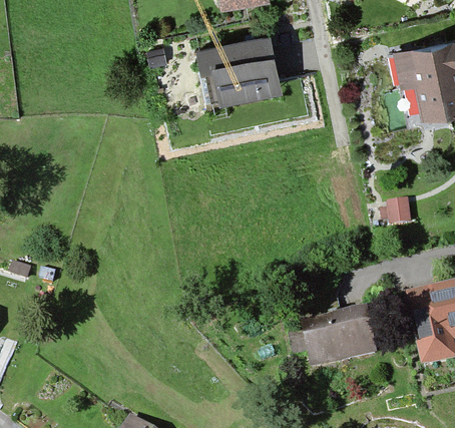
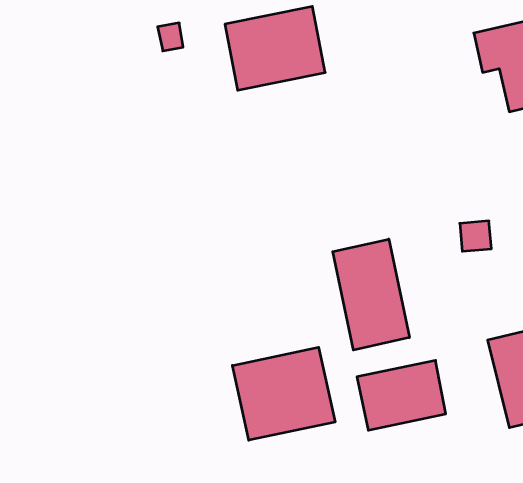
building: none -> [333,239,409,350]
building: none -> [232,347,335,440]

